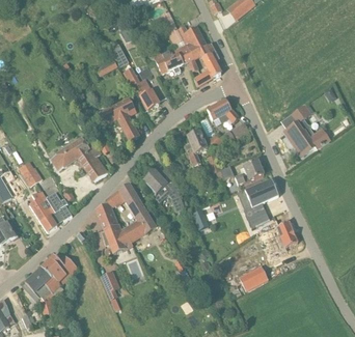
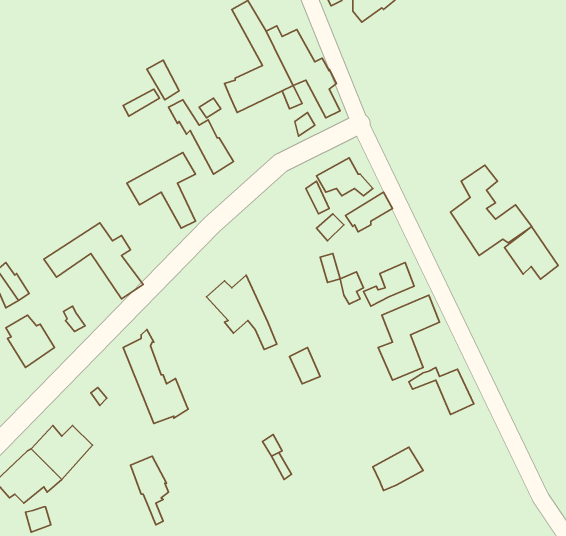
building: [184,131,207,168] -> none
building: none -> [505,227,558,279]
building: [109,184,156,242] -> none
building: [39,191,71,231] -> none

